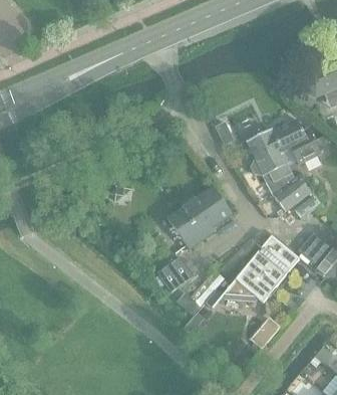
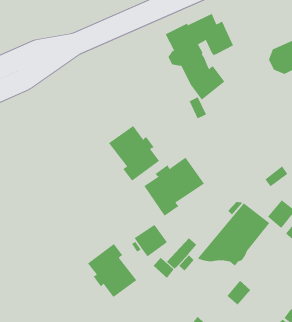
building: [247,119,320,211] -> [165,13,234,100]
building: none -> [108,125,160,182]
building: none -> [87,243,137,298]

